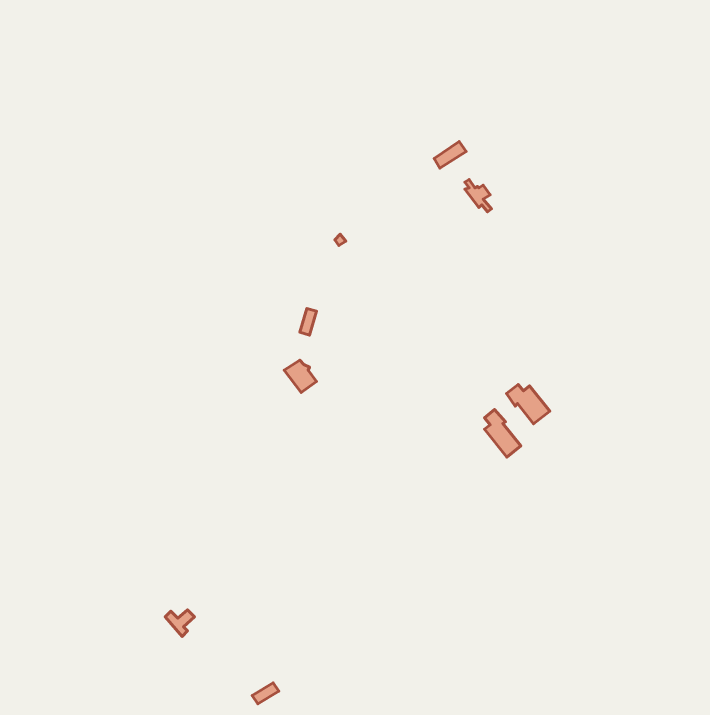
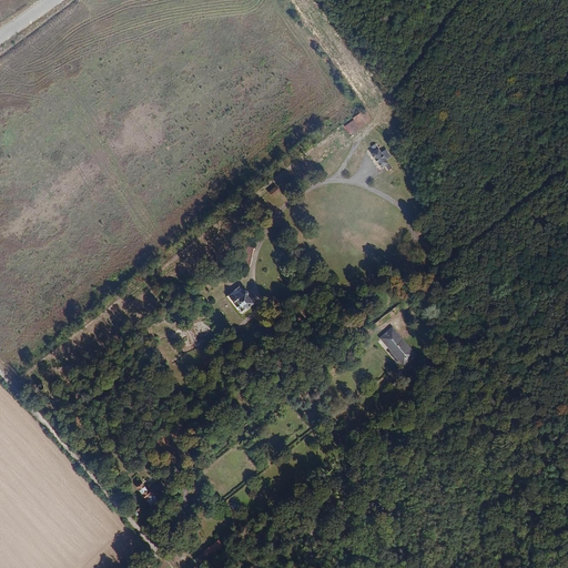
building: [507,385,550,424] -> none

